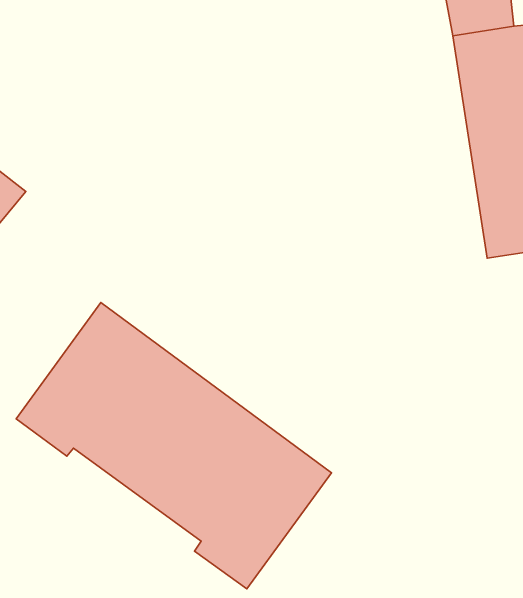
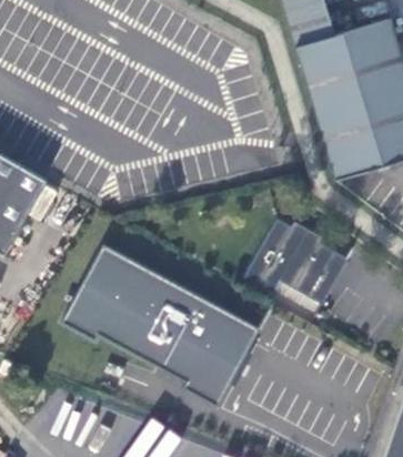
building: none -> [243,215,346,301]

